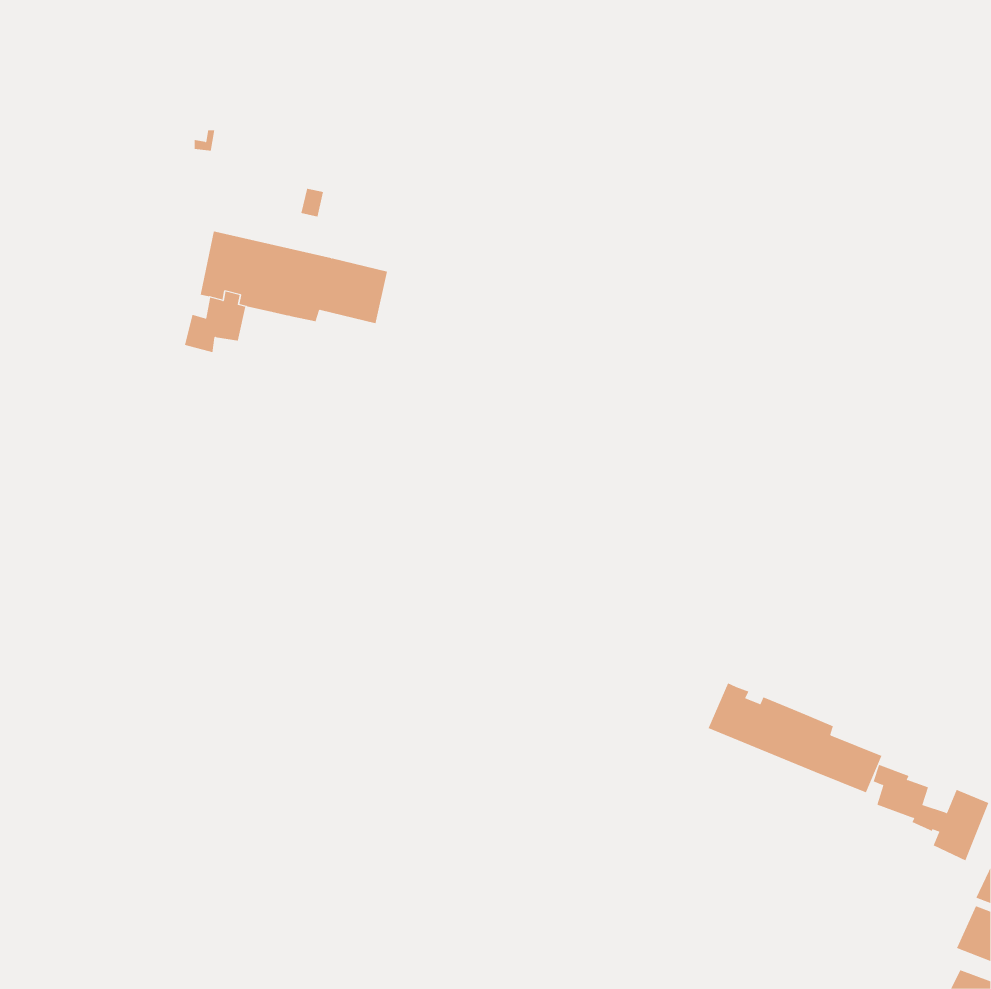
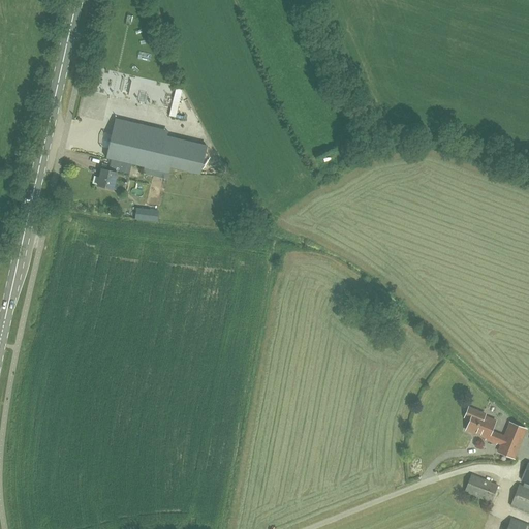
building: [708,683,882,793] -> none
building: none -> [464,473,498,501]

